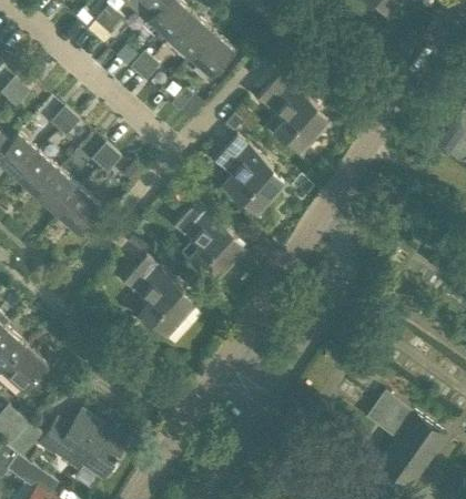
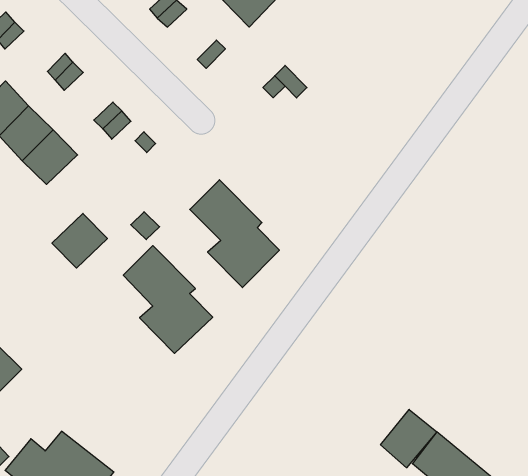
building: [256,72,331,157] -> none
building: [212,133,287,221] -> none
building: [55,187,100,232] -> [52,213,107,268]
building: none -> [381,409,437,468]

